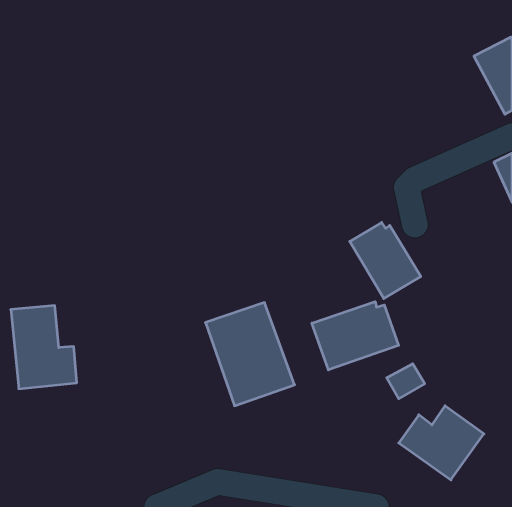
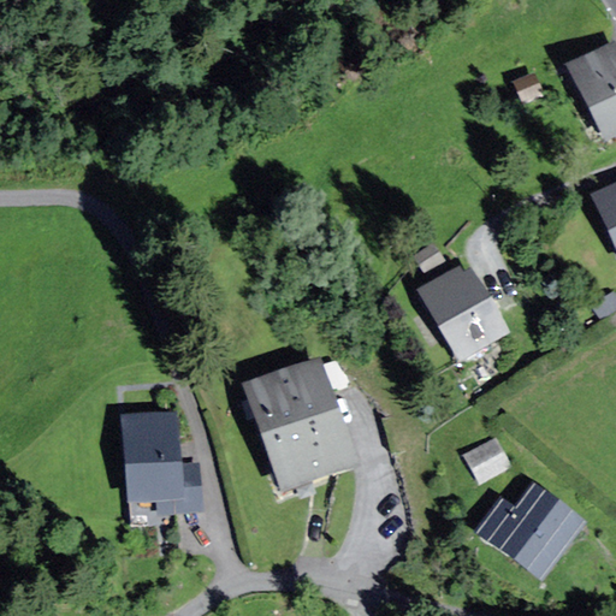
building: [312,302,399,370] -> none
building: [11,306,77,389] -> [122,413,201,513]

